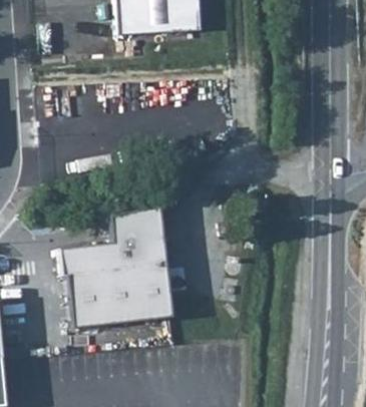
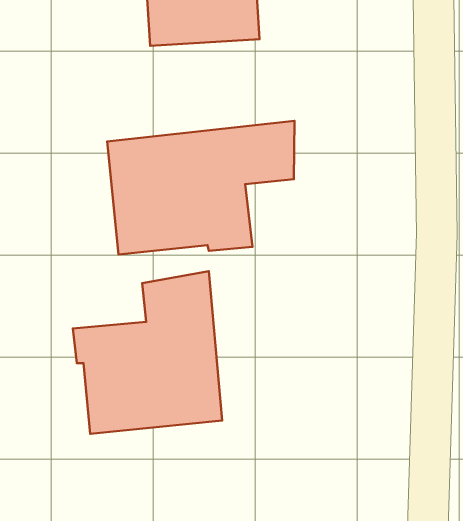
building: none -> [107,121,295,255]

